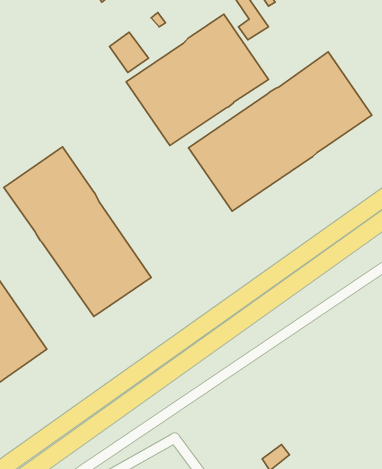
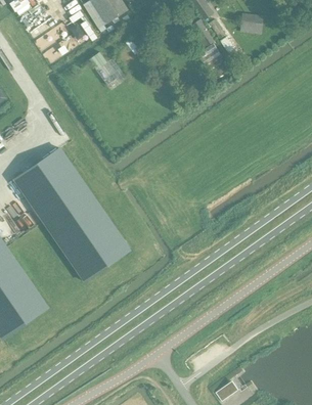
building: [126,14,268,145] -> none
building: [189,52,372,211] -> none

